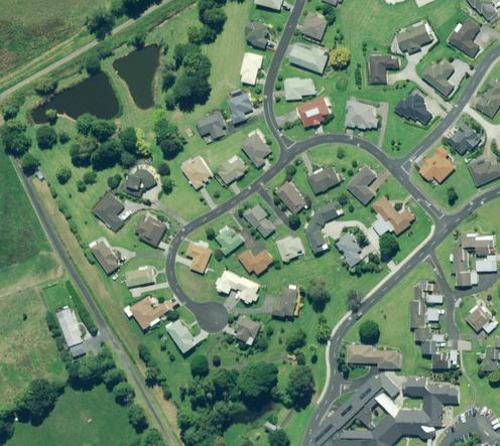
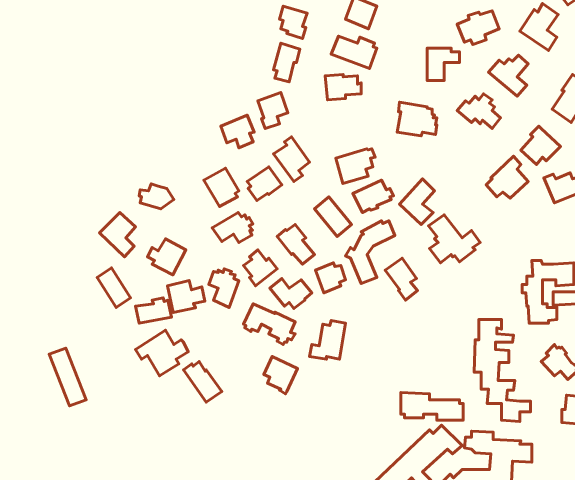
building: [298,98,332,127] -> [336,149,375,184]
building: none -> [212,213,253,243]
building: none -> [167,281,205,312]

